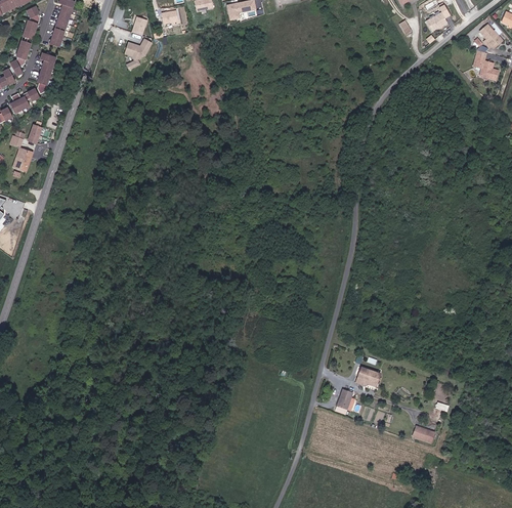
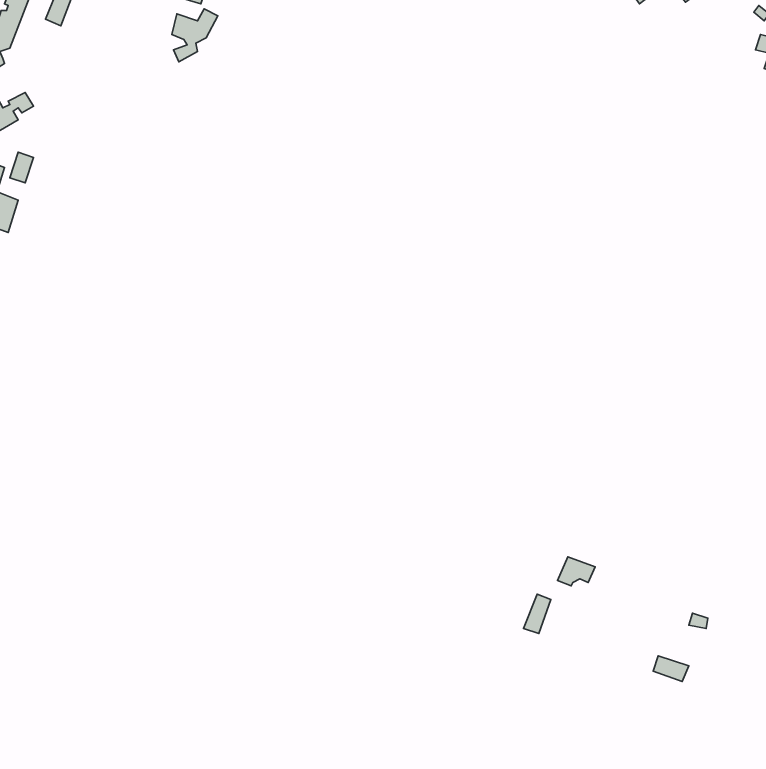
building: [37,51,56,93] -> none

